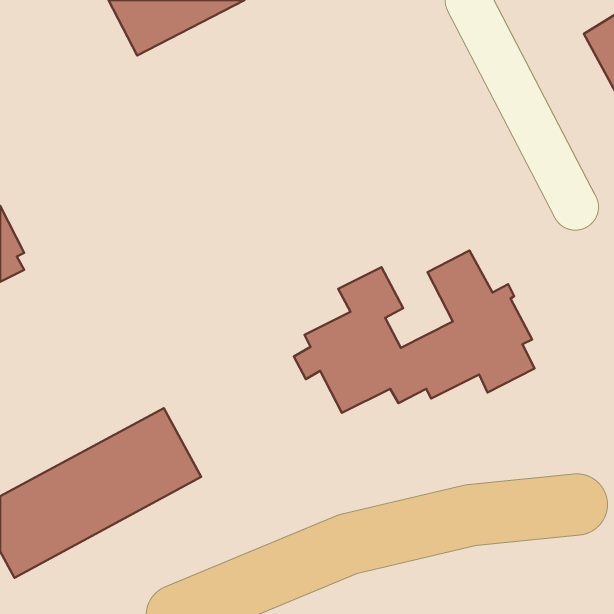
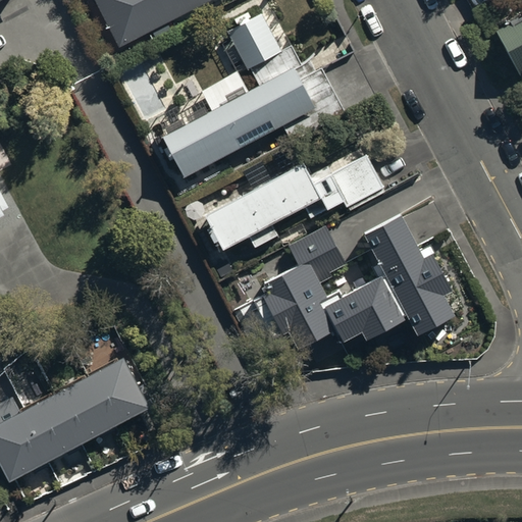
building: none -> [162,12,316,178]
building: none -> [206,156,385,249]

